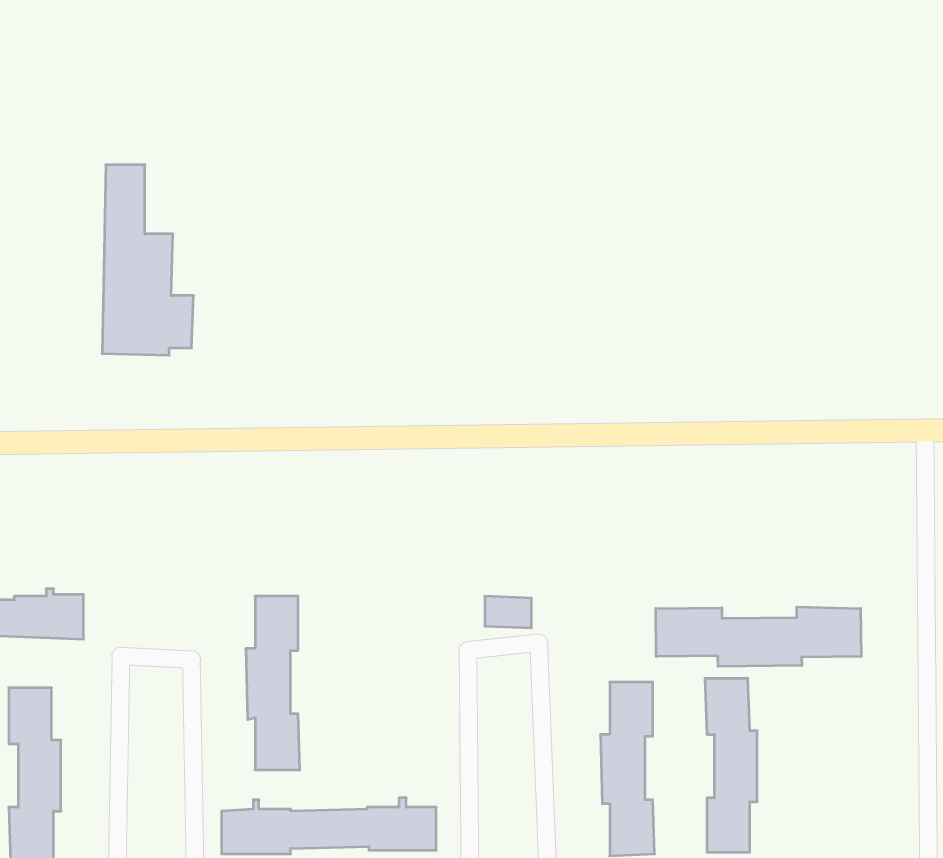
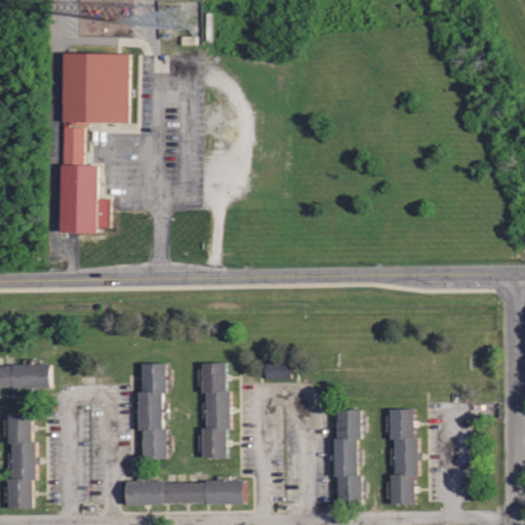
building: none -> [59,54,126,124]
building: none -> [202,364,231,459]
building: [656,607,861,666] -> none

